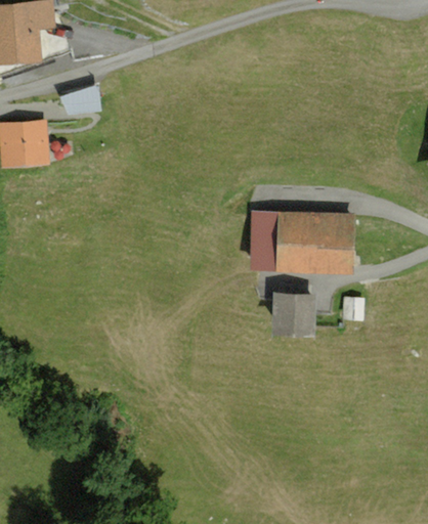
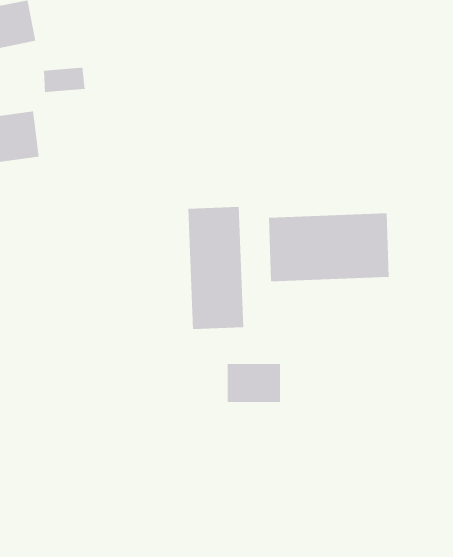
building: none -> [188,206,244,330]
building: [274,296,323,331] -> [227,363,281,402]

